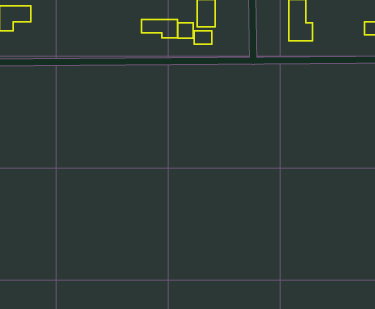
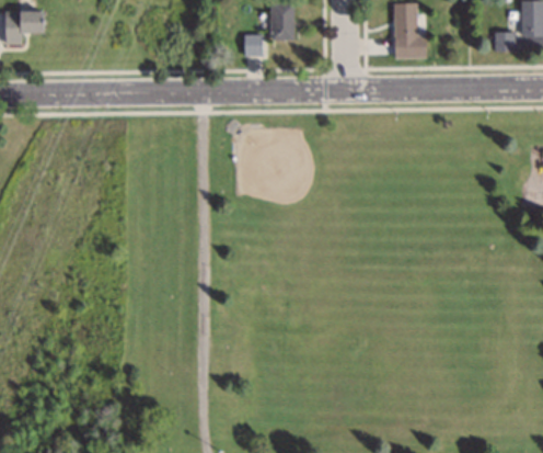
building: [142,19,177,38] -> none
building: [194,31,212,44] -> none

